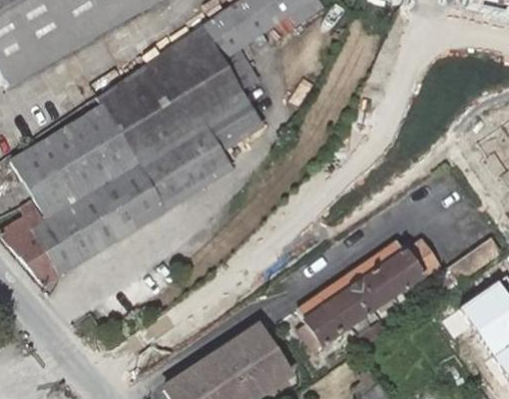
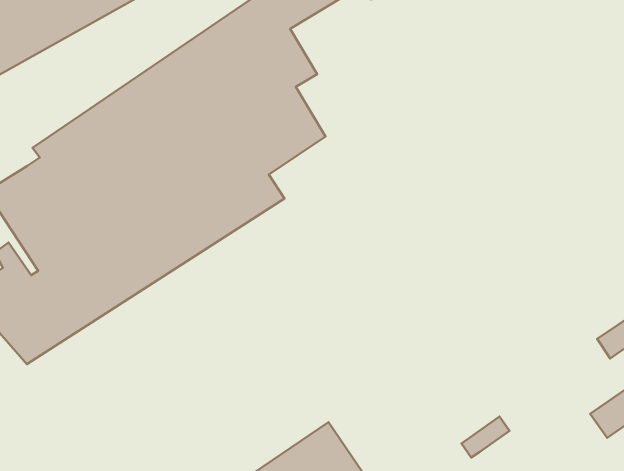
building: [300,241,438,341] -> none

